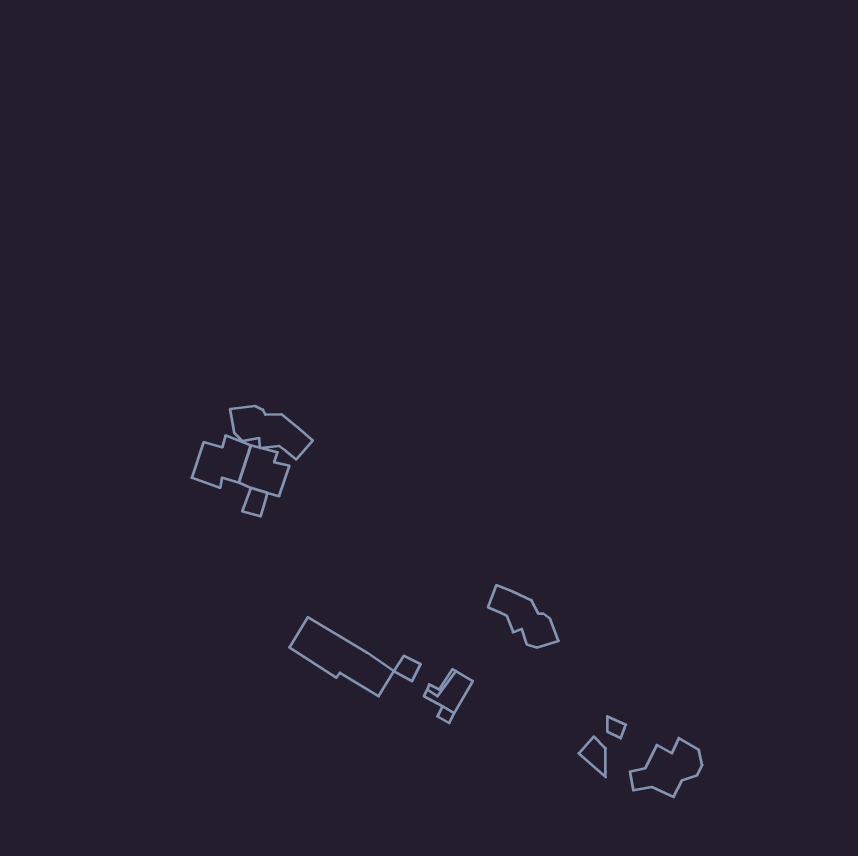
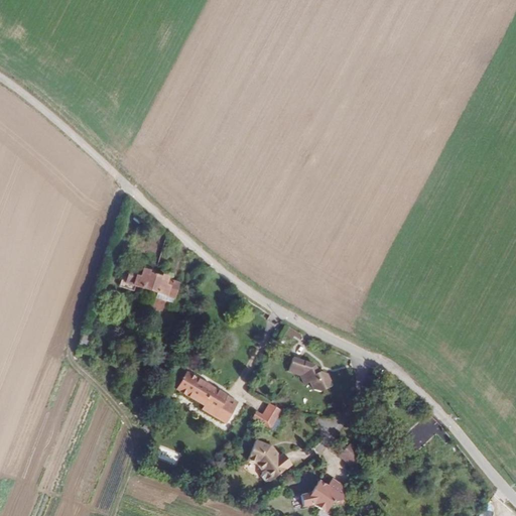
building: [230,406,313,459] -> none
building: none -> [246,442,291,482]
building: [630,738,702,797] -> [306,474,350,509]

